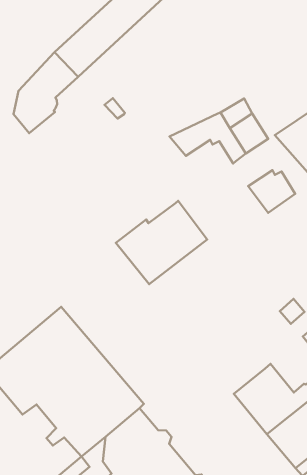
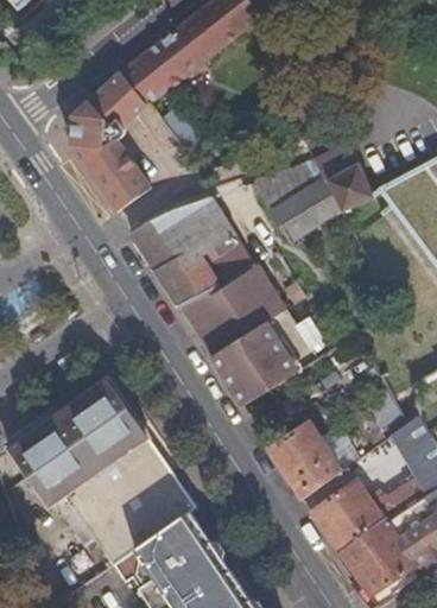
building: none -> [83,141,148,213]
building: none -> [128,198,252,305]
building: [248,170,295,213] -> [270,191,325,242]
building: none -> [211,311,317,407]
building: none -> [271,423,342,500]

